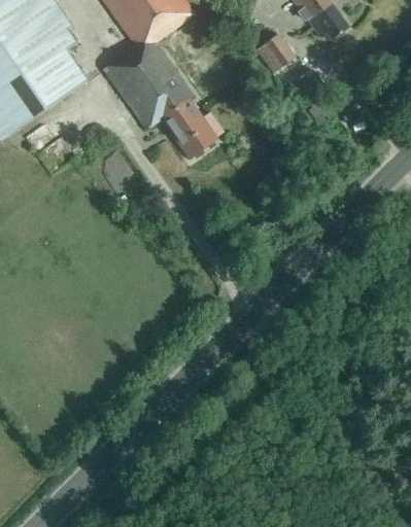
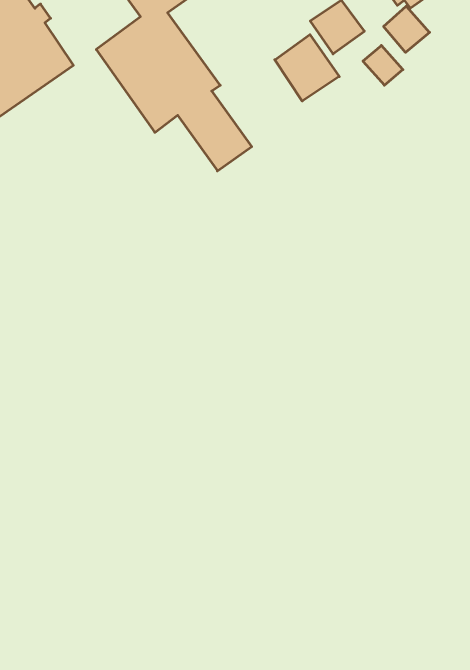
building: none -> [384,6,430,52]
building: none -> [275,35,339,101]

